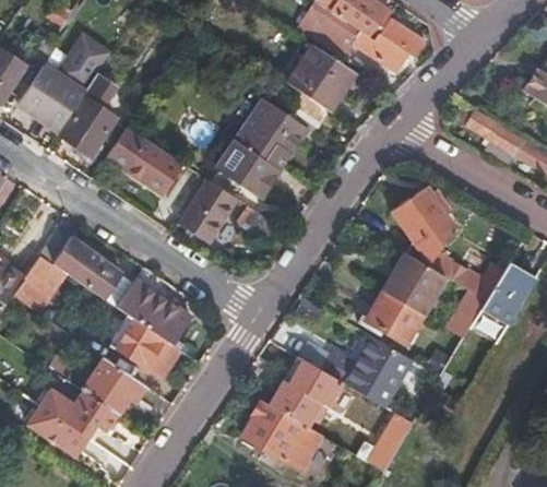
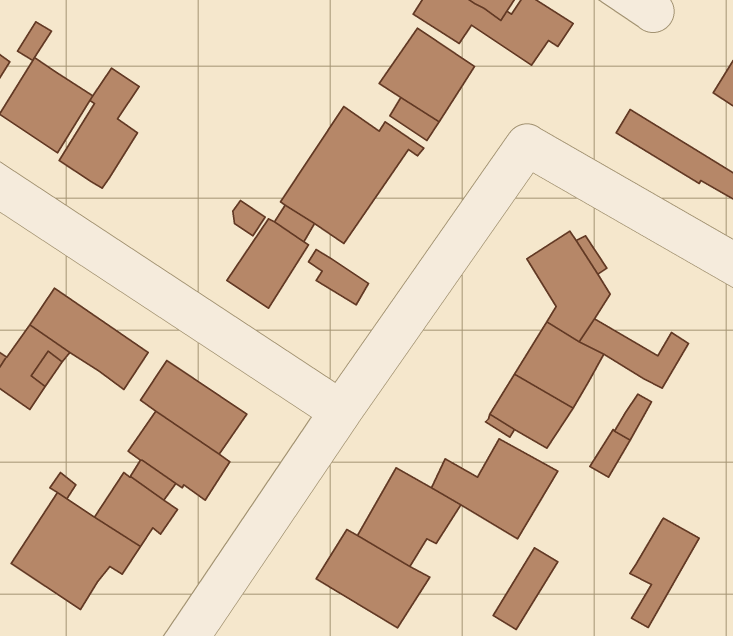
building: [57,35,110,92] -> none
building: [107,127,185,194] -> none
building: [484,266,533,344] -> [630,518,699,627]

